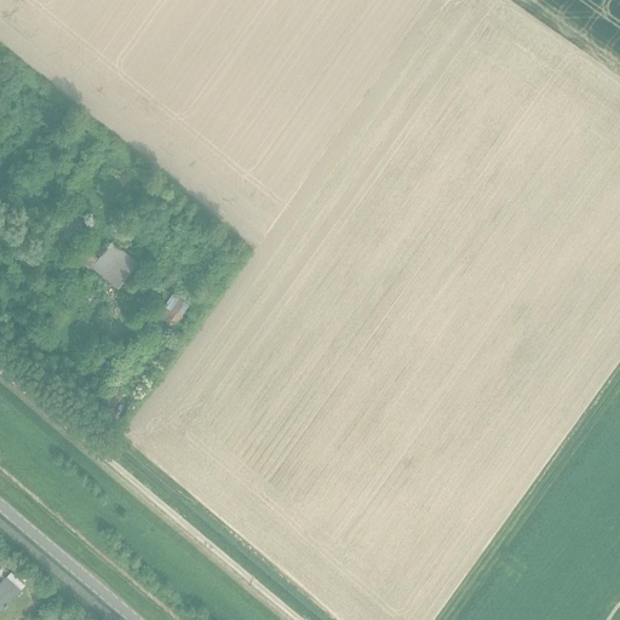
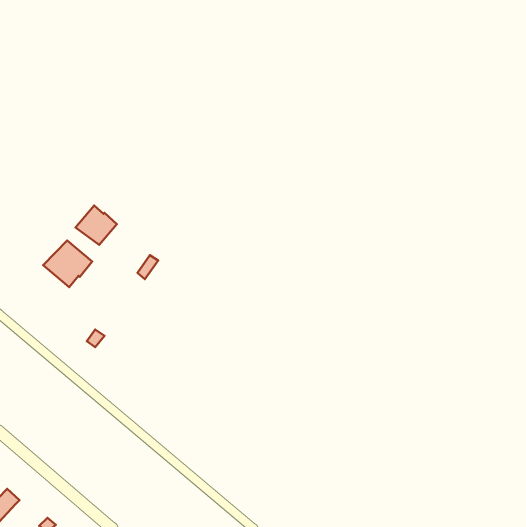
building: none -> [43,240,92,287]

